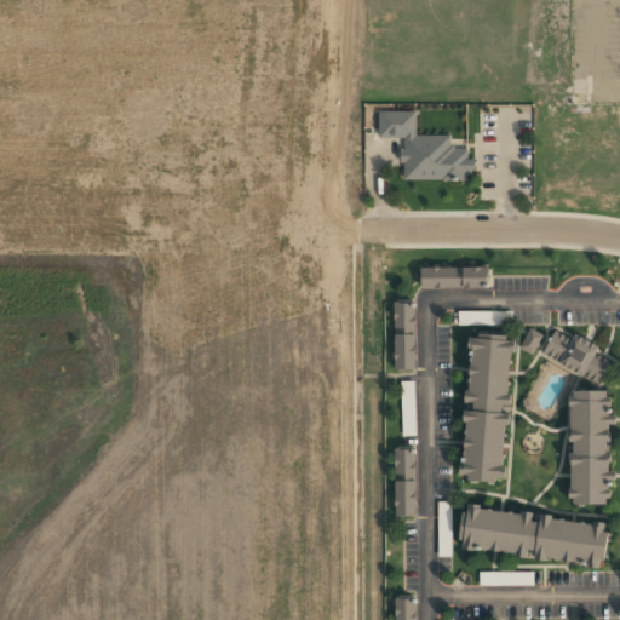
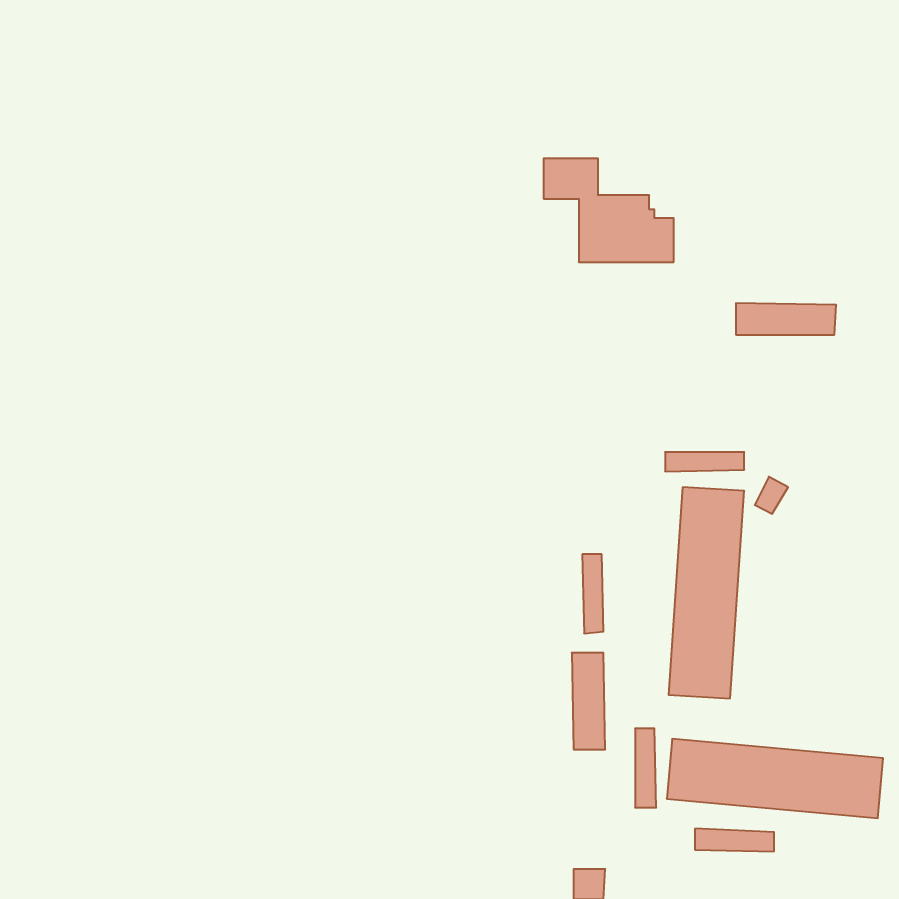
building: [420,266,489,288] -> [736,303,836,335]
building: [394,303,417,369] -> none
building: [541,327,609,383] -> none
building: [569,391,612,504] -> none

